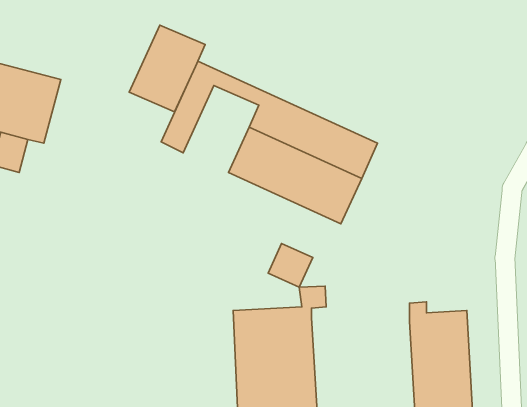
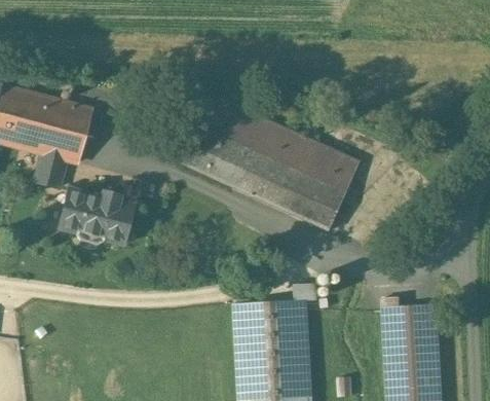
building: [129,25,205,112] -> [195,114,259,187]
building: none -> [60,190,133,245]
building: [268,243,313,287] -> none

